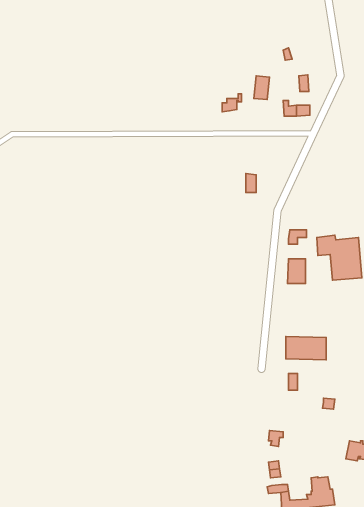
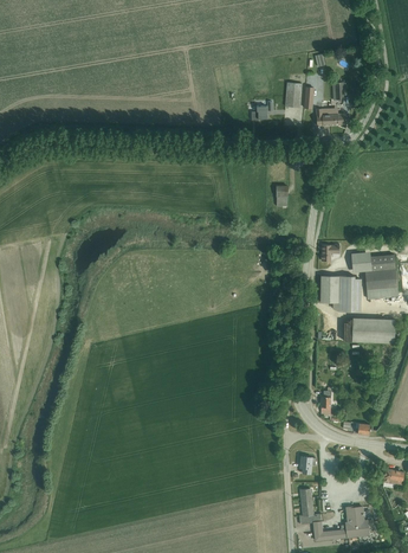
building: none -> [331,276,361,311]
building: [286,336,326,360] -> [351,317,394,342]

